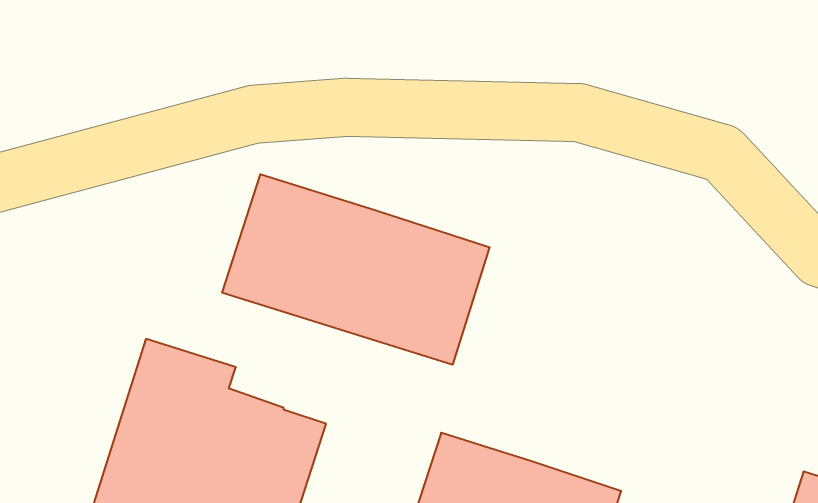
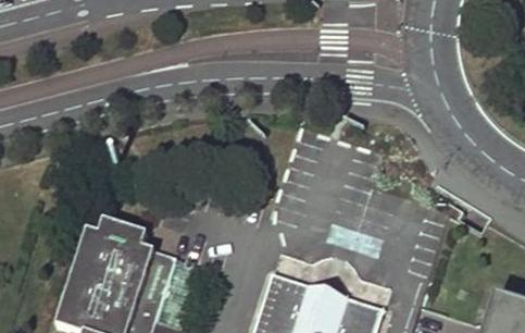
building: [222,174,490,365] -> none

